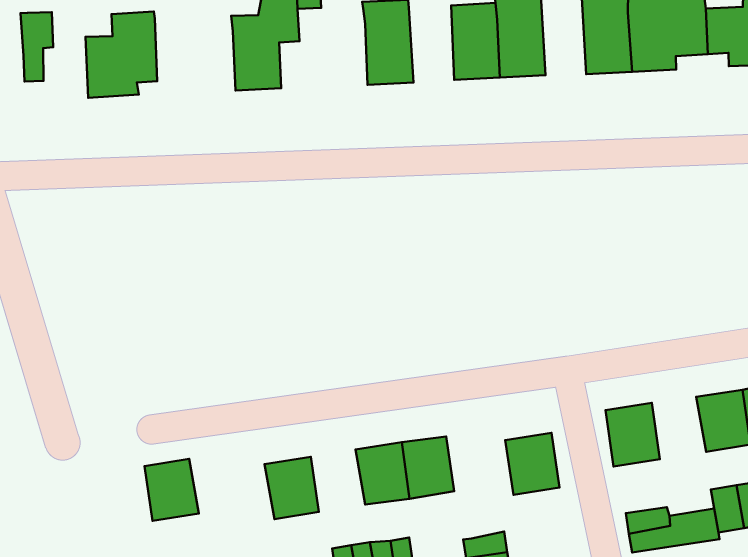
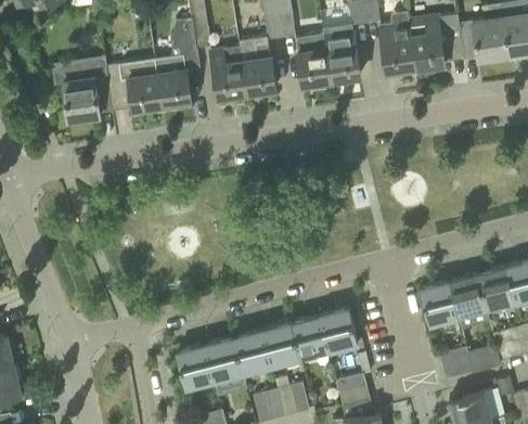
building: none -> [210,47,246,99]
building: [21,12,53,81] -> none
building: none -> [105,60,162,112]
building: none -> [449,275,487,318]
building: [505,433,560,495] -> [319,309,357,351]
building: none -> [233,331,271,373]
building: [144,459,199,521] -> [176,346,214,388]

